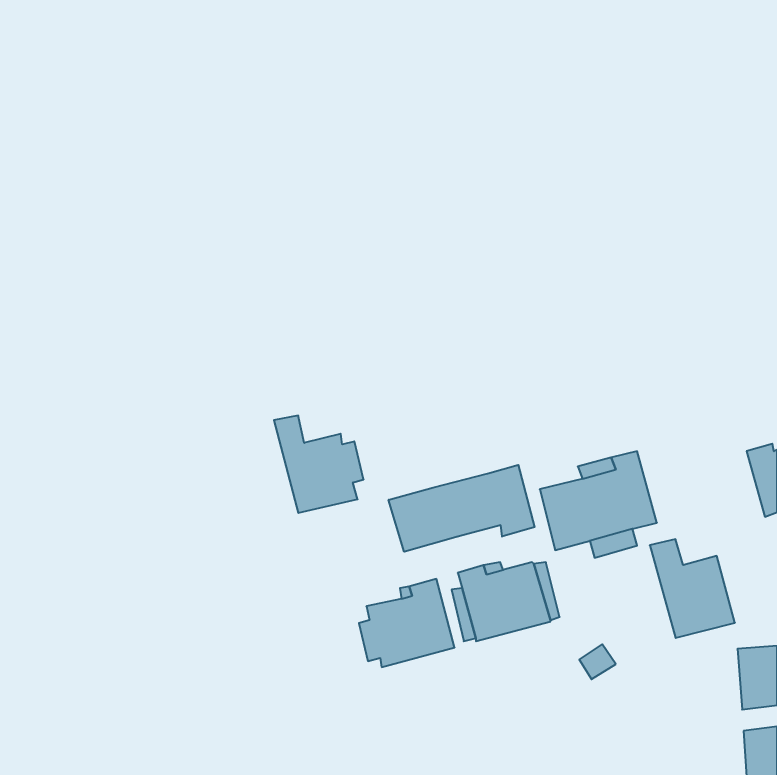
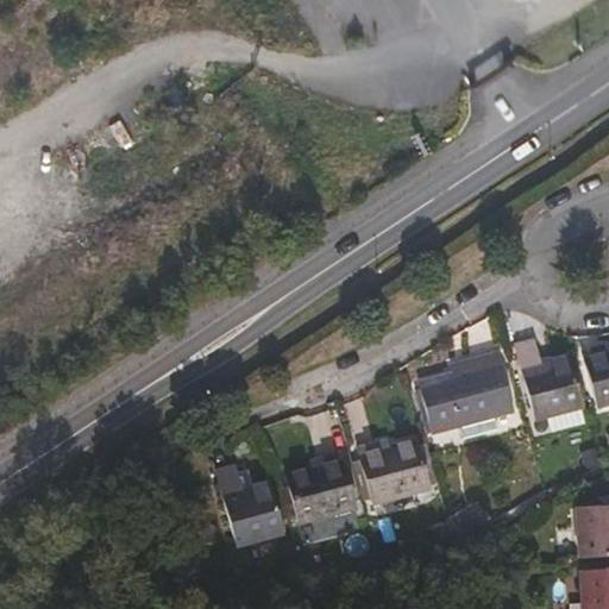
building: [274,416,364,513] -> [218,469,288,545]
building: [389,465,535,552] -> none
building: [650,539,735,638] -> [516,341,583,419]

